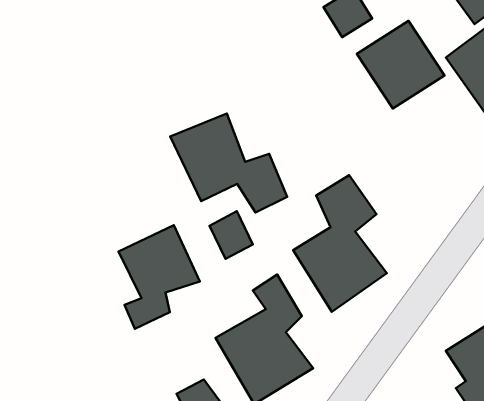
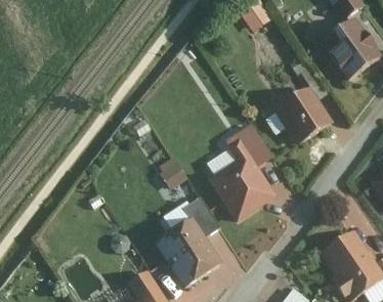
building: [357,21,445,109] -> [271,84,334,146]
building: [170,114,287,212] -> none
building: [119,225,200,329] -> none

